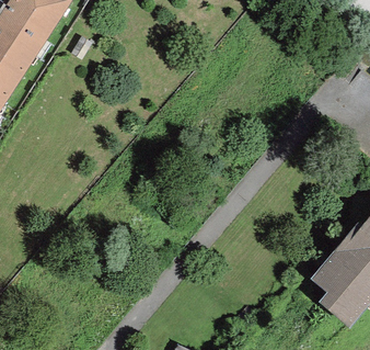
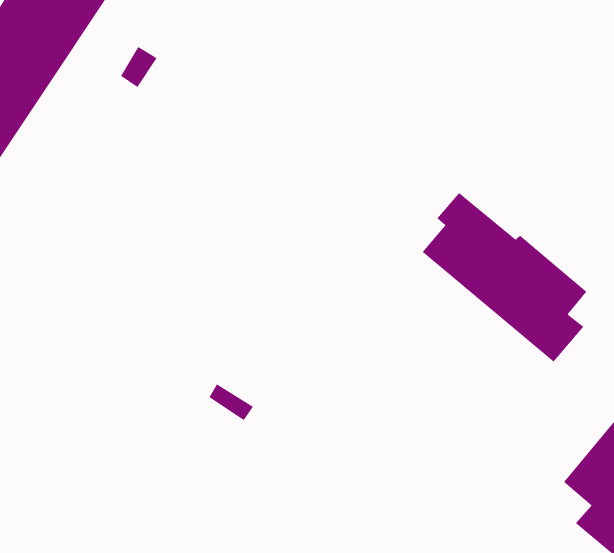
building: none -> [422,192,587,362]

